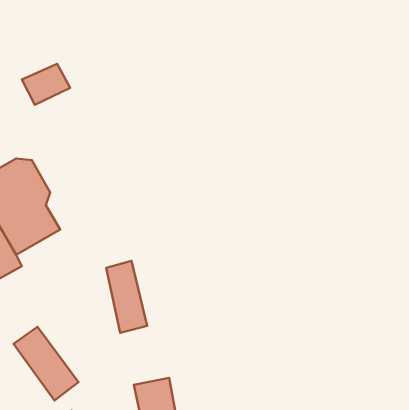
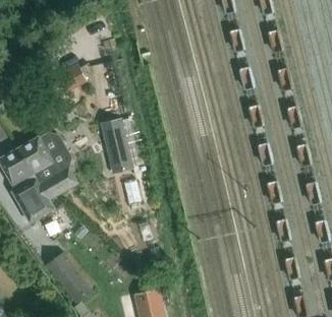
building: [106,261,147,333] -> [101,120,130,172]

